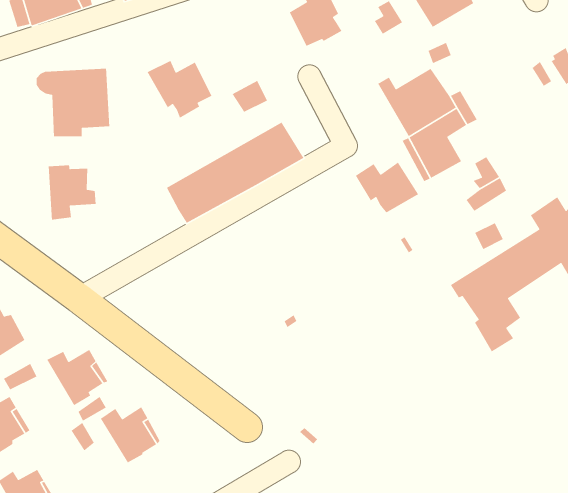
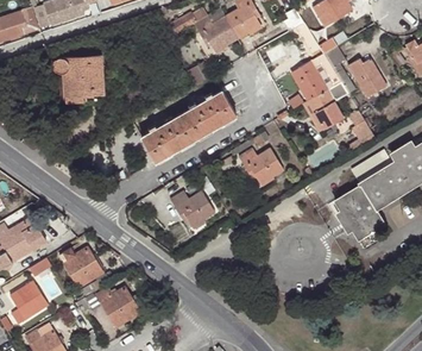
building: [147,60,212,119] -> [191,15,237,56]
building: none -> [348,59,386,98]
building: [355,162,419,214] -> [239,149,283,184]
building: [48,165,96,220] -> none
building: none -> [170,192,214,227]

